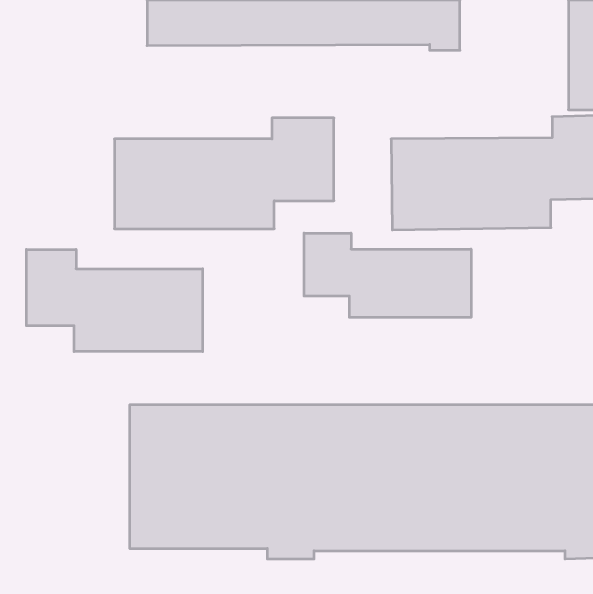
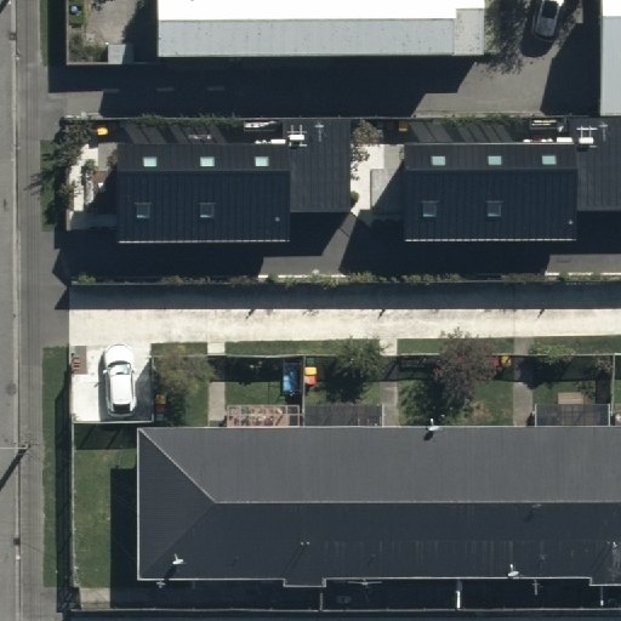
building: [304,233,471,317] -> none
building: [26,249,203,352] -> none

